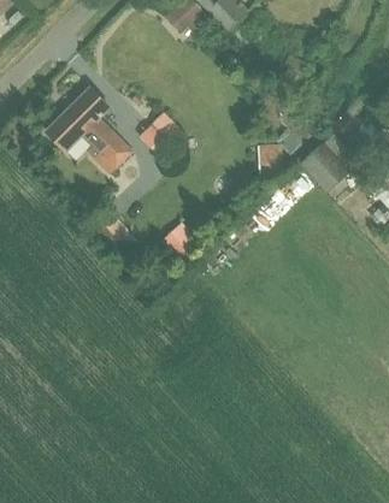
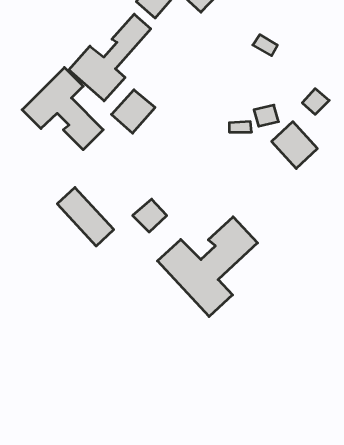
building: none -> [69,14,151,101]
building: none -> [157,217,258,317]

